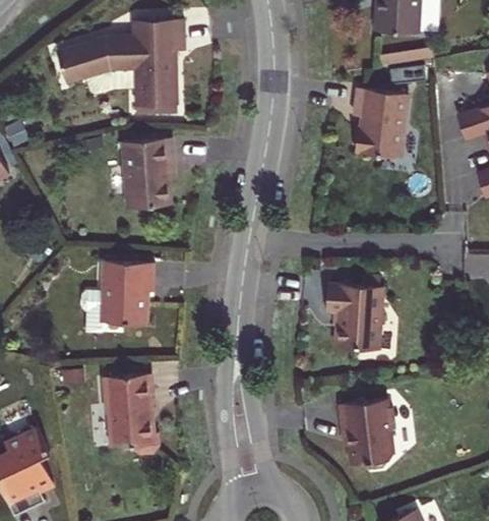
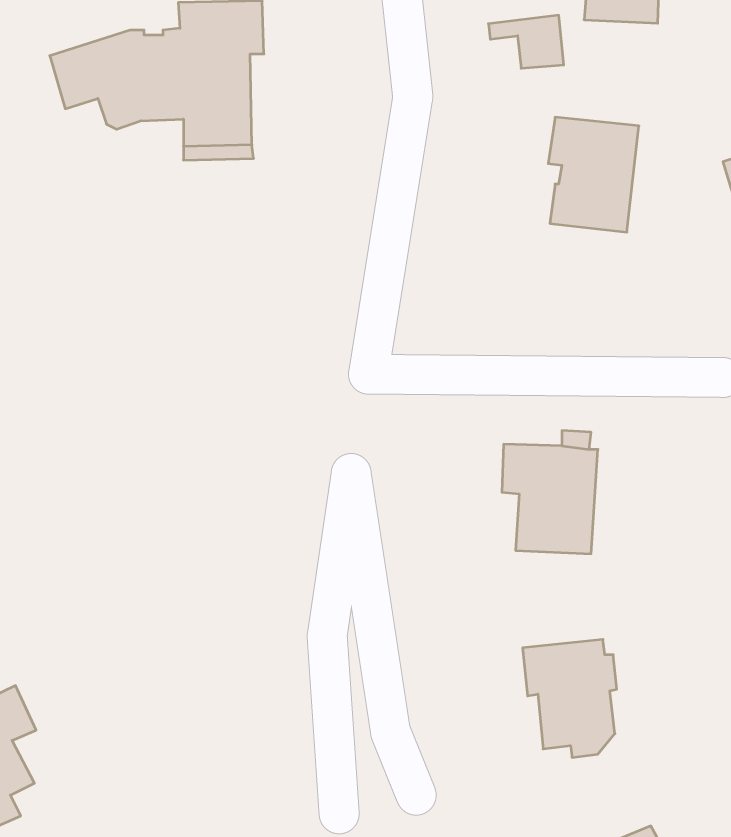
building: [379,49,424,80] -> [488,15,564,68]
building: [123,137,174,208] -> none
building: [86,259,155,334] -> none
building: [105,372,157,454] -> none

